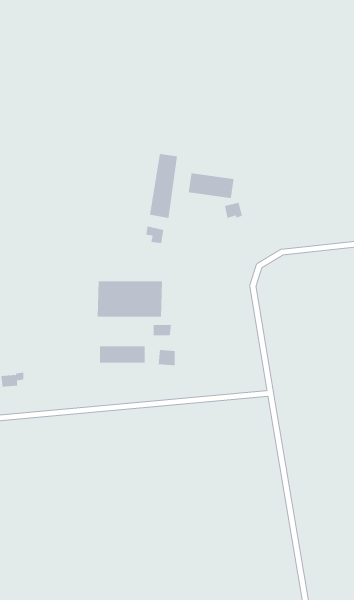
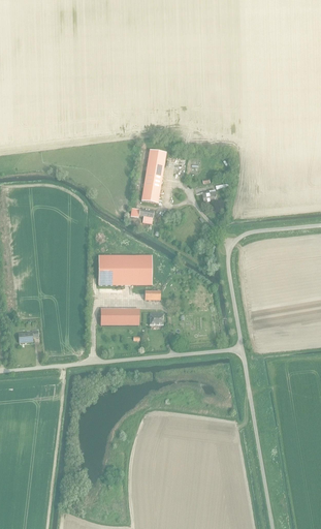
building: [188,172,234,199] -> none

